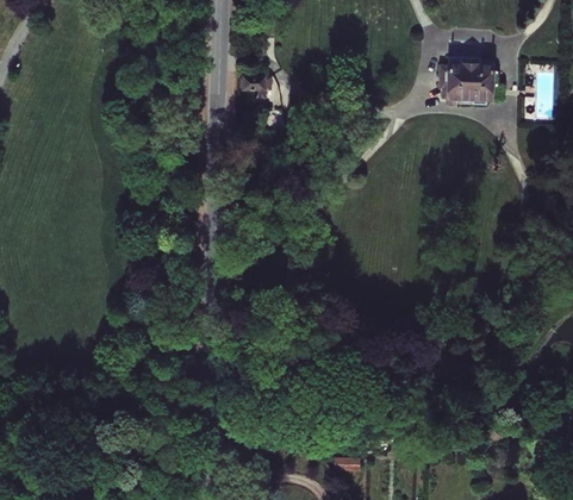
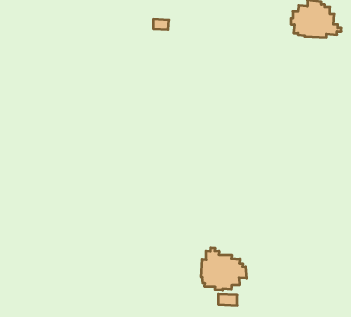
building: none -> [201,248,247,290]

